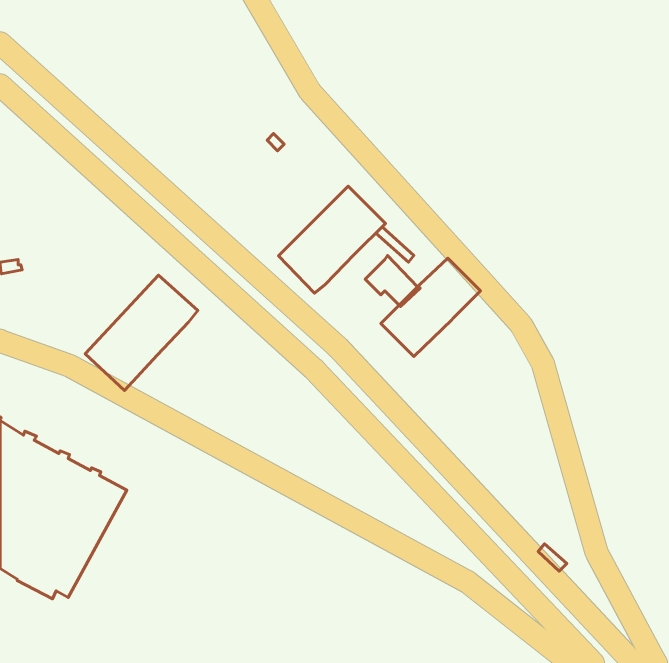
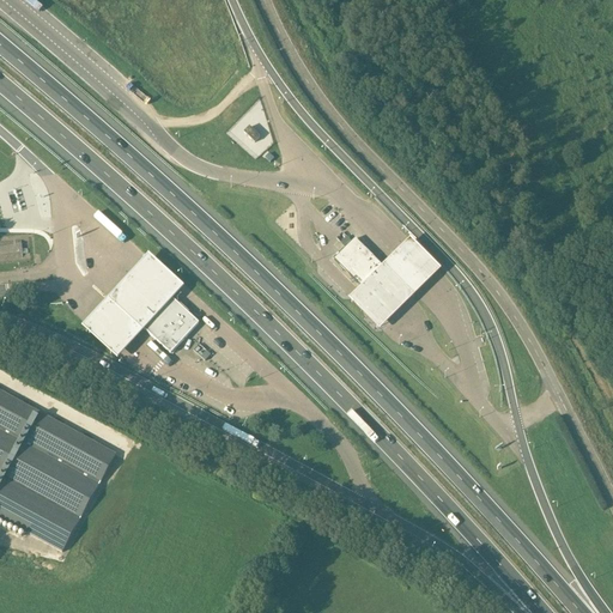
building: [279,186,386,293] -> none
building: none -> [144,295,200,351]

